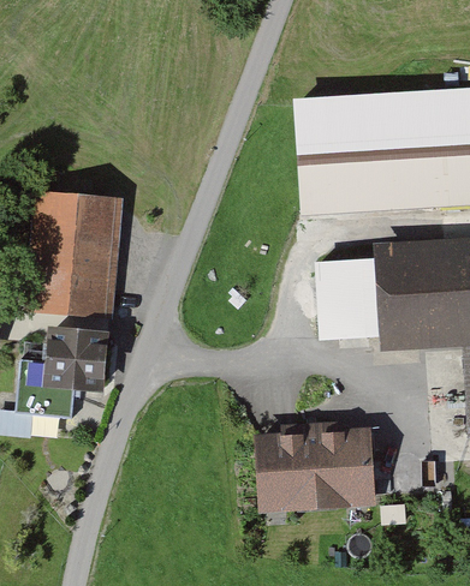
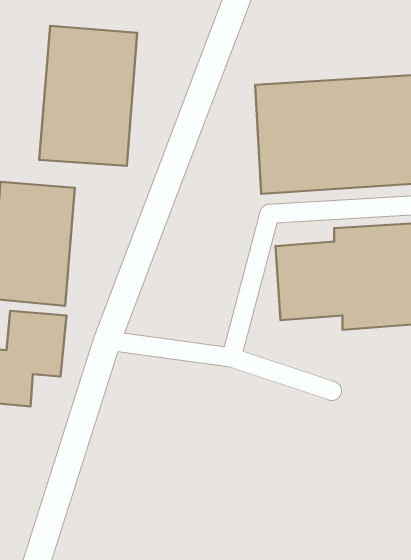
building: none -> [39,26,137,166]
building: [245,424,377,513] -> none

